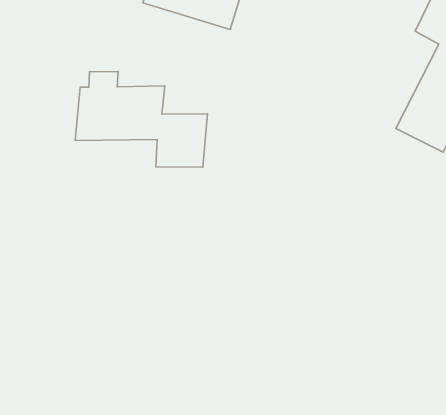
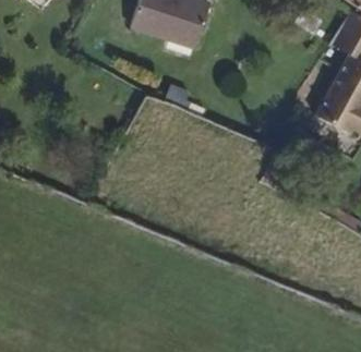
building: [75,72,208,167] -> none

